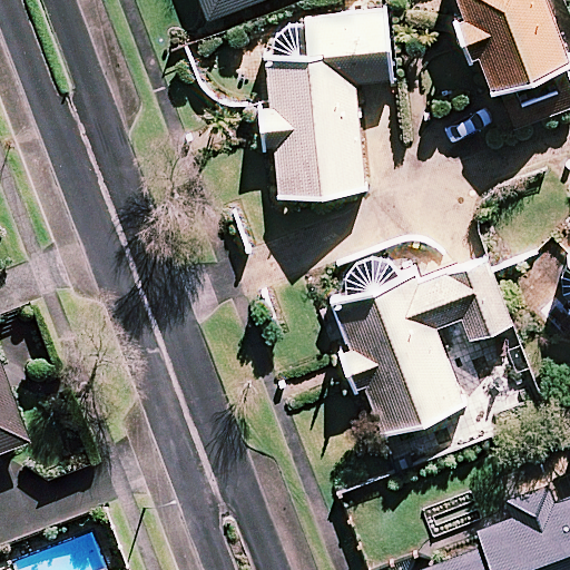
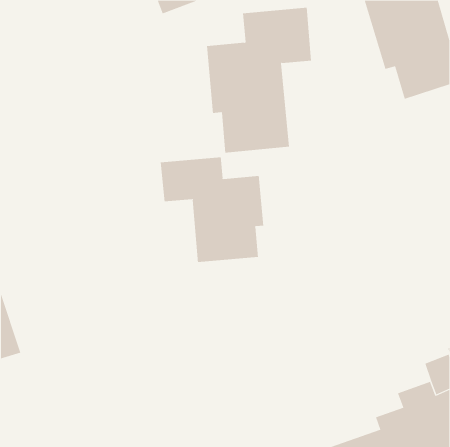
building: none -> [160,156,264,263]
building: [337,256,511,434] -> none

